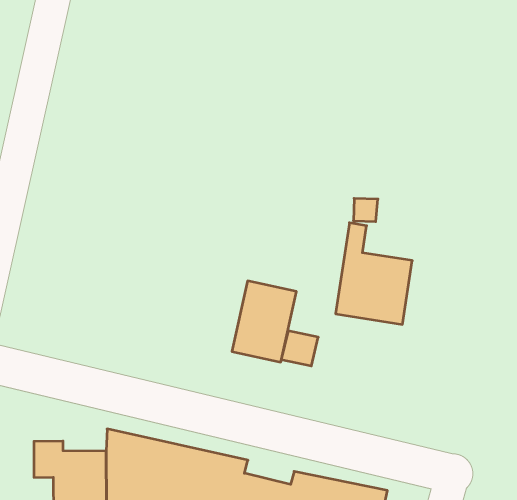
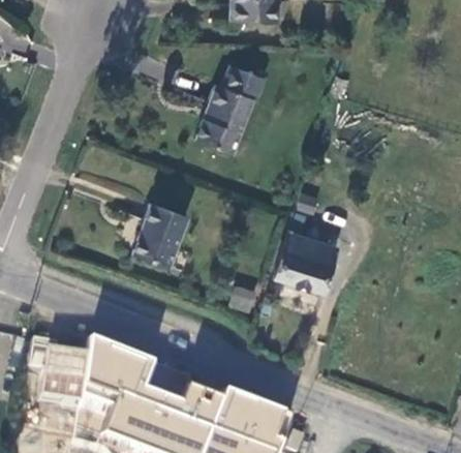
building: none -> [194,66,263,155]
building: [232,281,296,362] -> [130,205,185,269]

